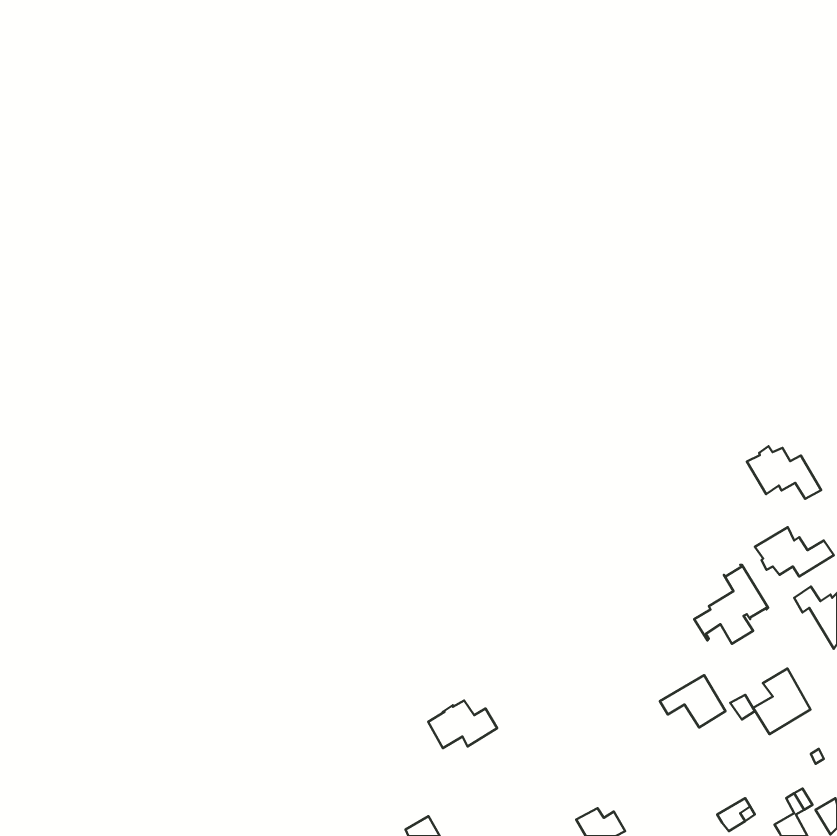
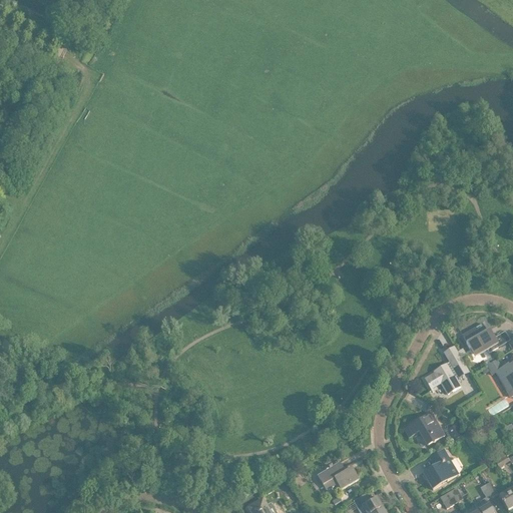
building: [747,446,821,499] -> none
building: [753,668,811,734] -> [422,448,457,488]
building: [428,700,497,748] -> [316,461,358,490]

